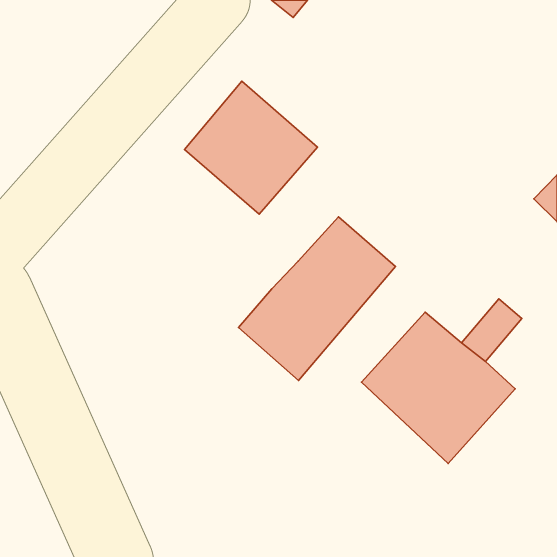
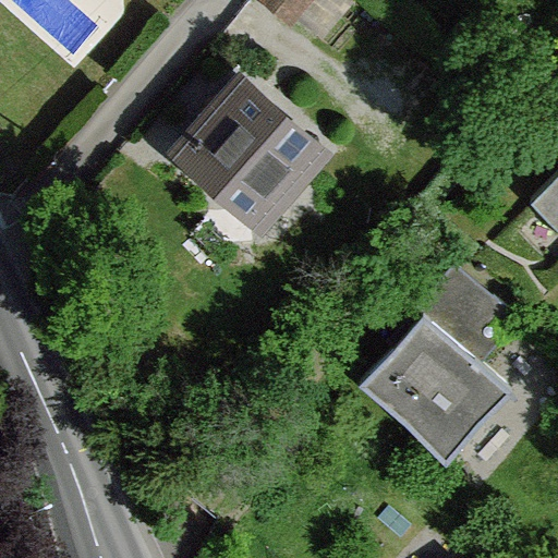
building: [239,217,396,381] -> none

